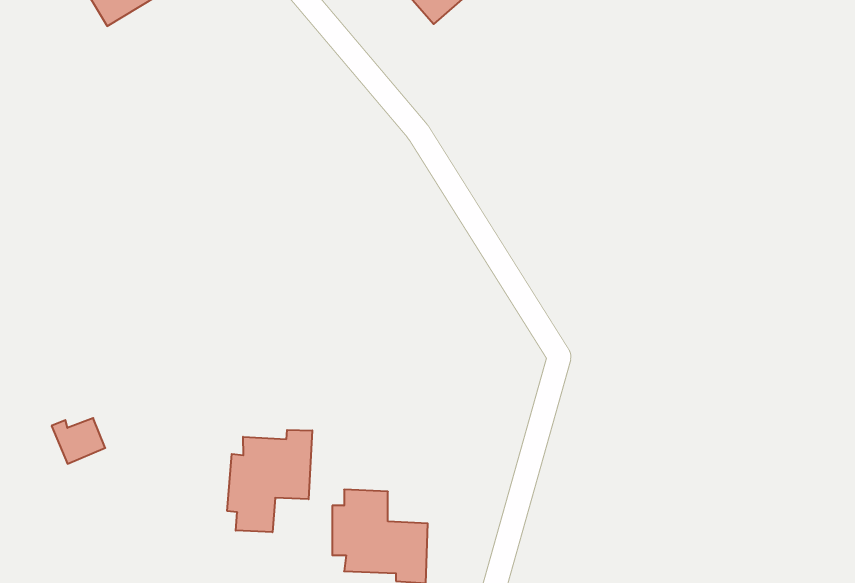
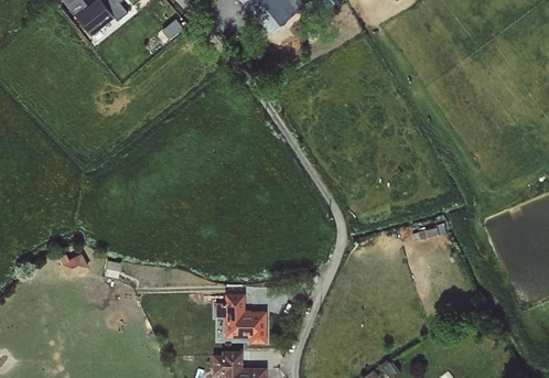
building: [227,430,312,532] -> none

